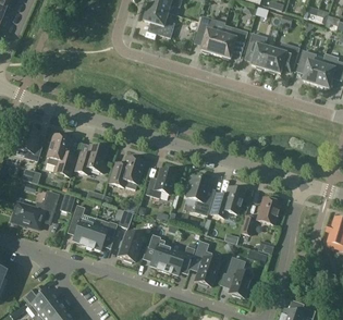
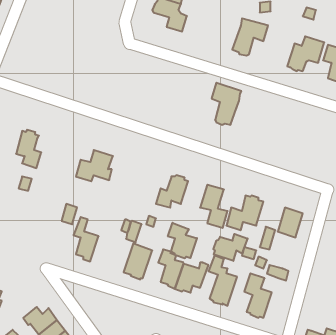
building: [198,14,225,52] -> [212,83,241,125]
building: [248,32,272,67] -> none
building: [47,133,75,175] -> none
building: [109,155,144,188] -> none
building: [12,189,59,227] -> none
building: none -> [168,223,197,258]
building: [86,217,117,248] -> none
building: none -> [213,234,248,261]

